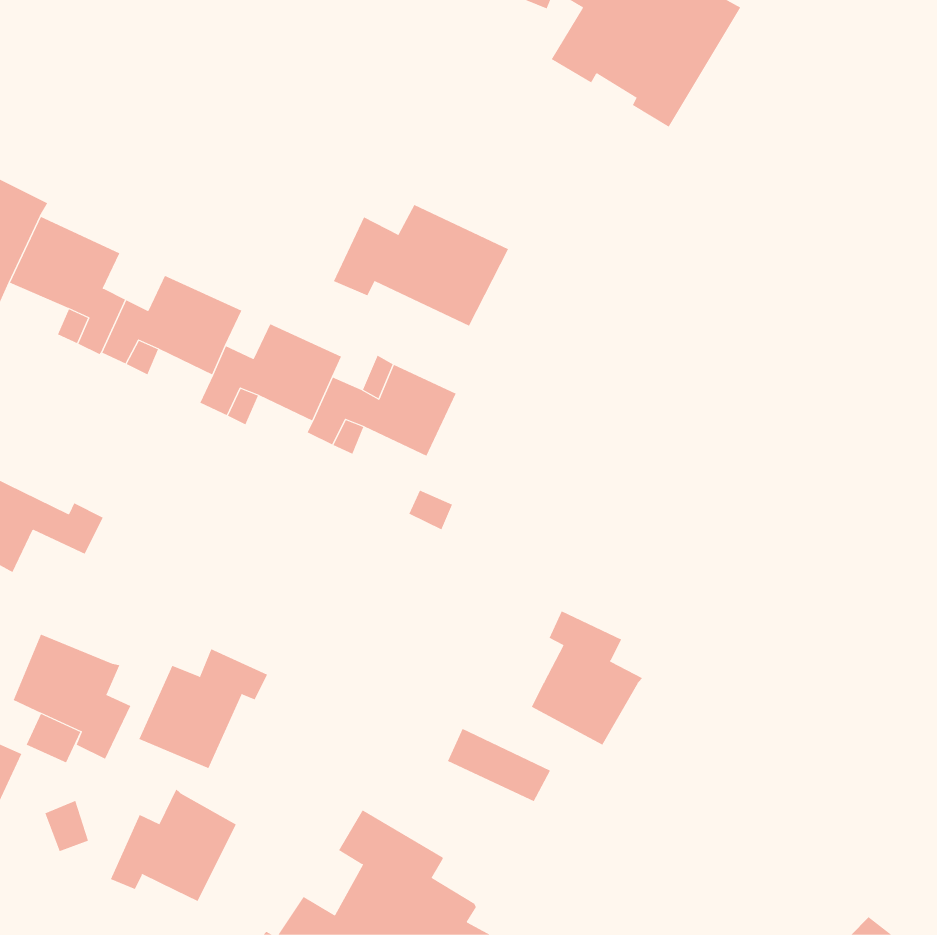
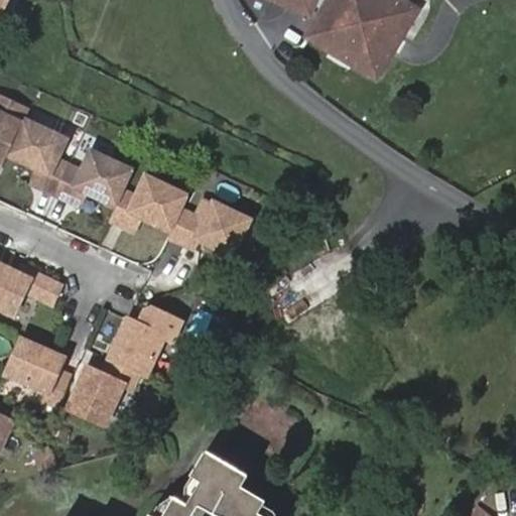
building: [333,204,509,326] -> none
building: none -> [115,306,186,371]
building: [531,610,643,745] -> none
building: [110,789,237,902] -> none

